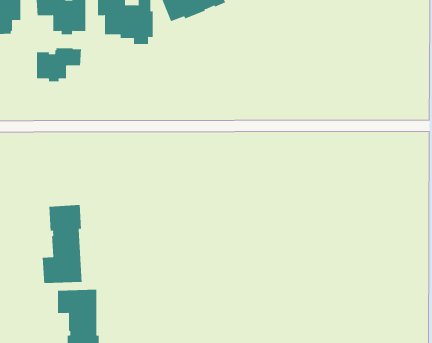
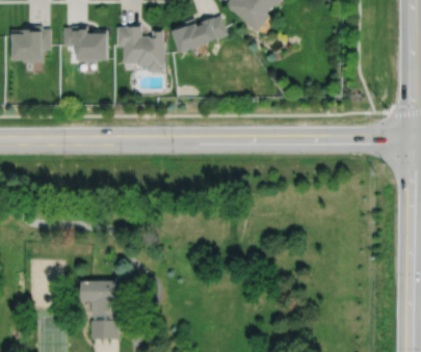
building: [37,47,82,82] -> none
building: [42,204,82,284] -> none

